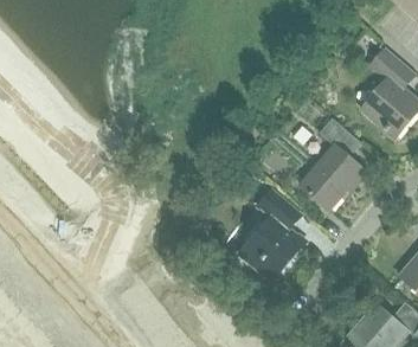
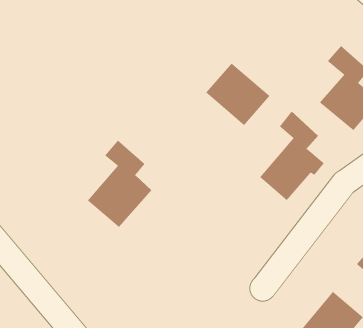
building: none -> [205,62,270,126]
building: [239,189,307,281] -> [87,140,152,228]

